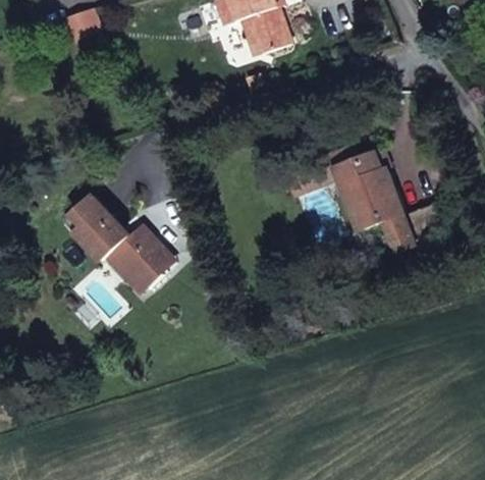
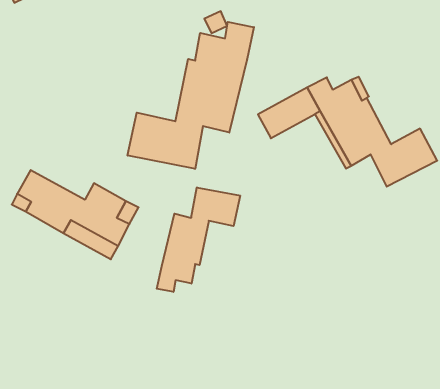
building: none -> [128,22,254,169]
building: none -> [157,187,240,292]

